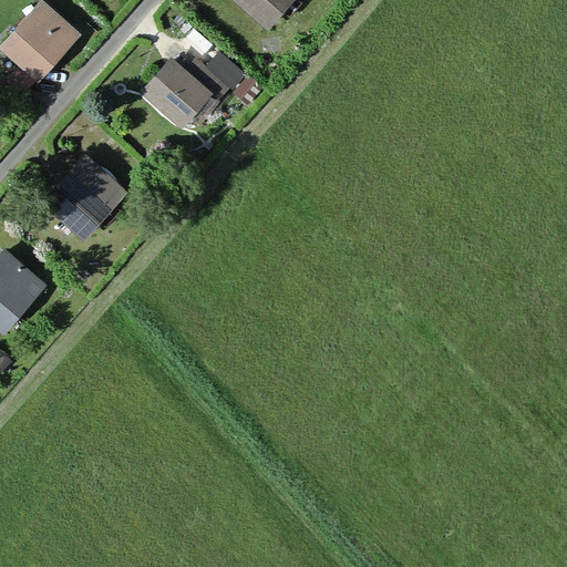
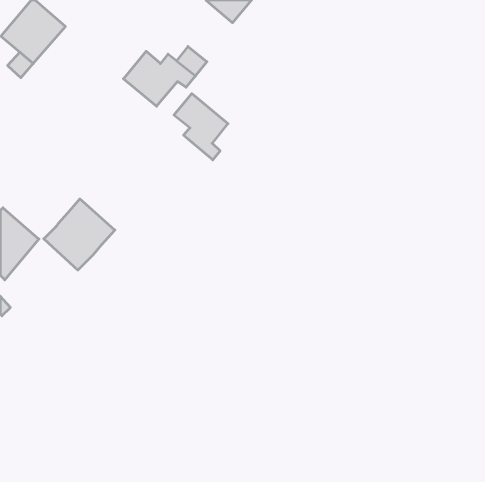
building: none -> [174,94,228,160]
building: [43,152,126,235] -> [44,199,115,270]

